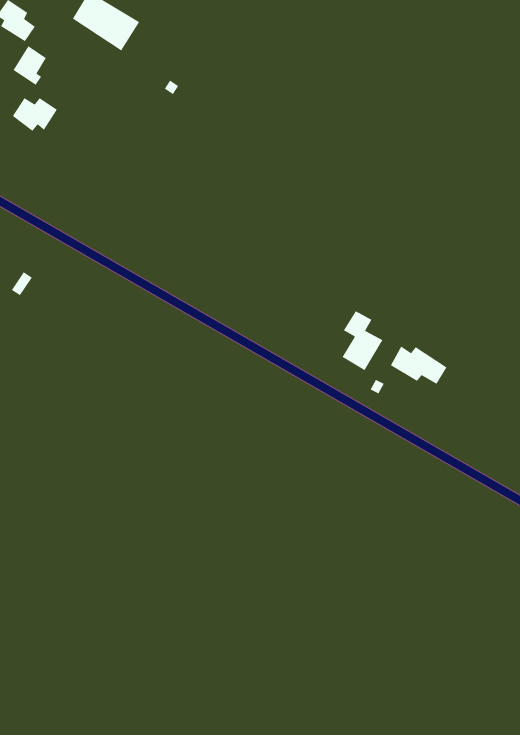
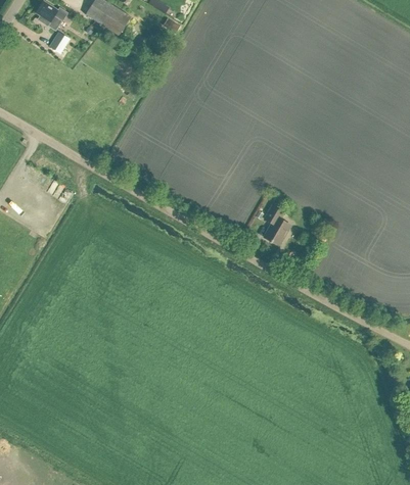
building: [12,97,58,132] -> none
building: [390,345,447,385] -> none

